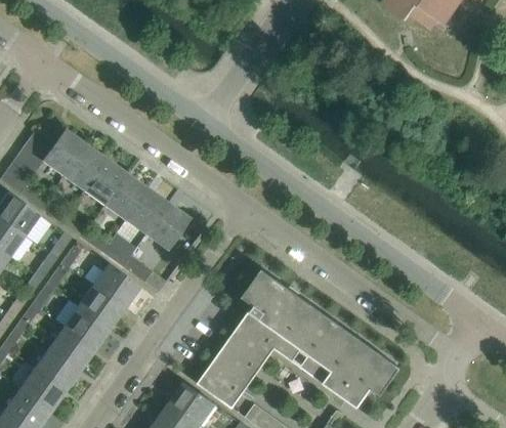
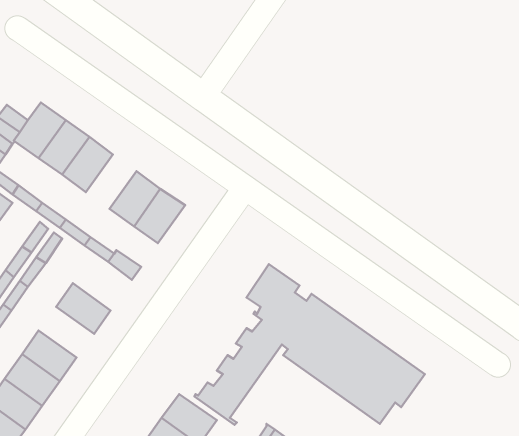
building: [103,173,147,220] -> none
building: [92,263,140,308] -> none
building: [62,305,111,349] -> none

